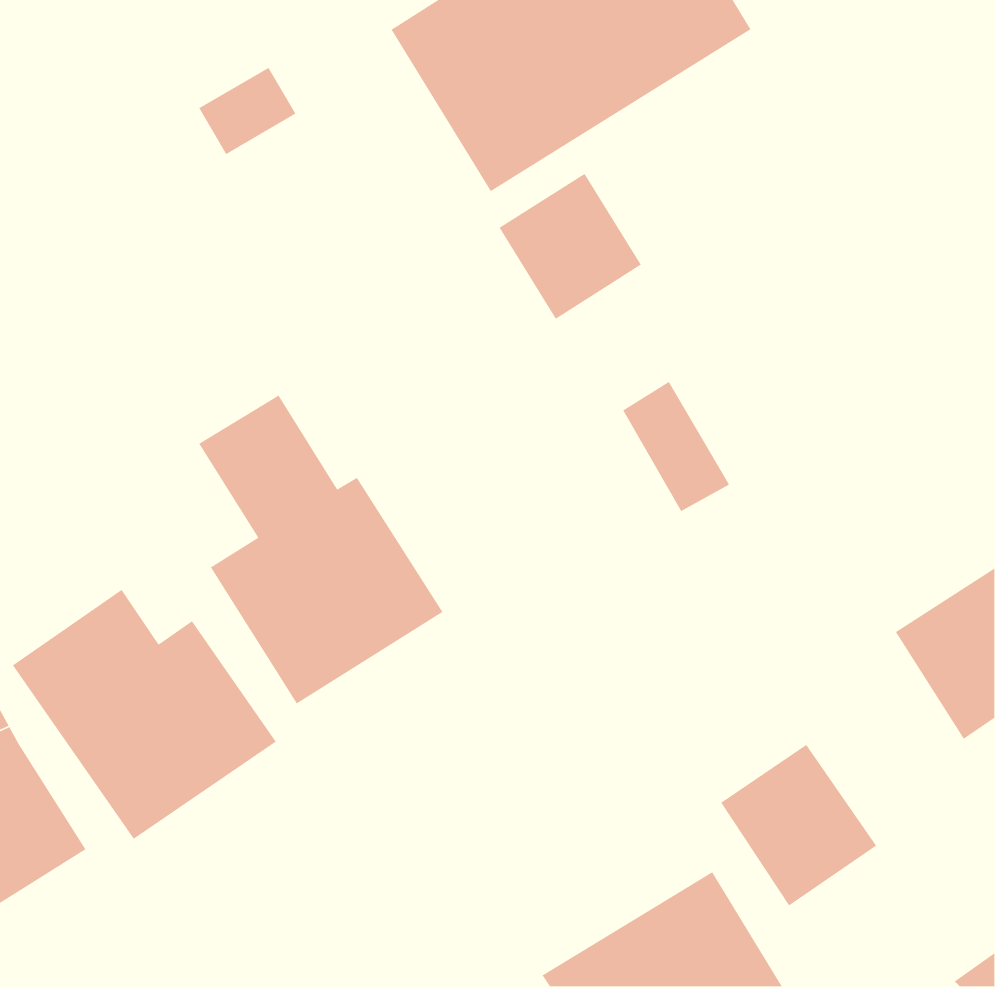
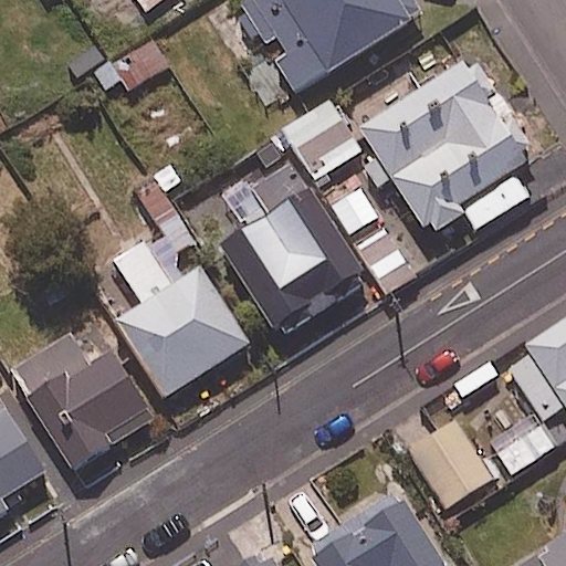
building: none -> [359,61,537,241]
building: none -> [222,151,369,337]

